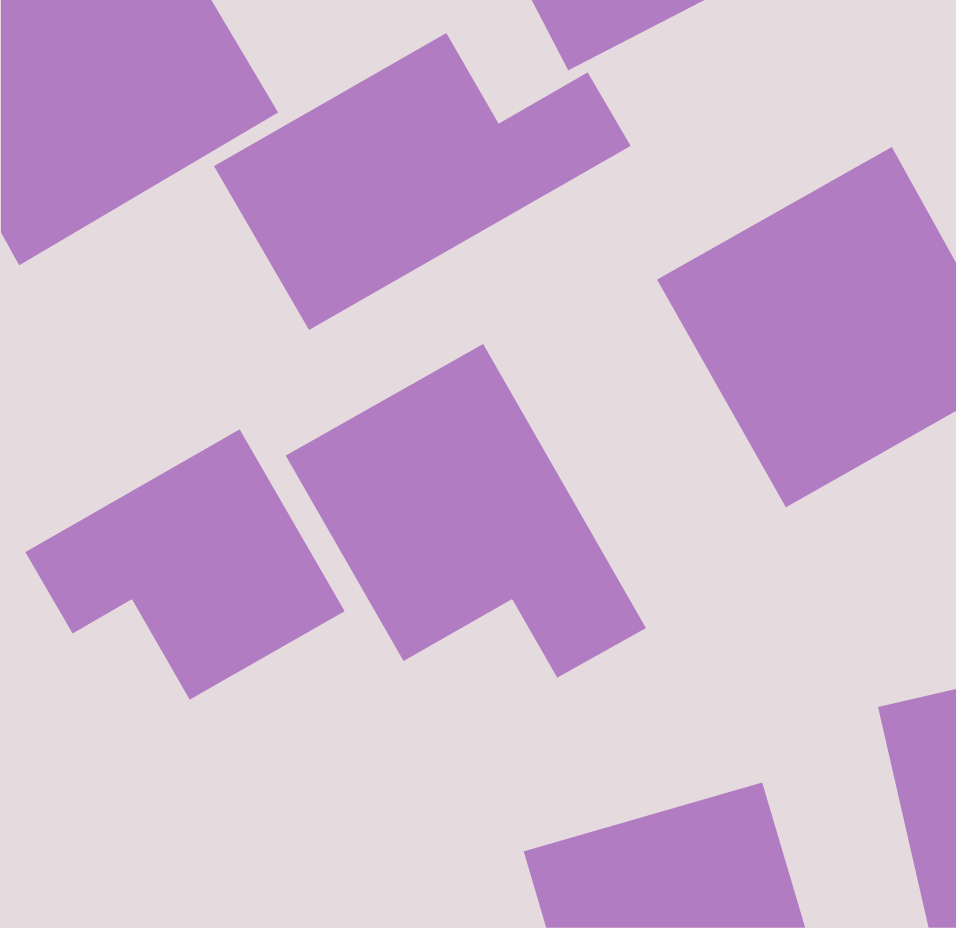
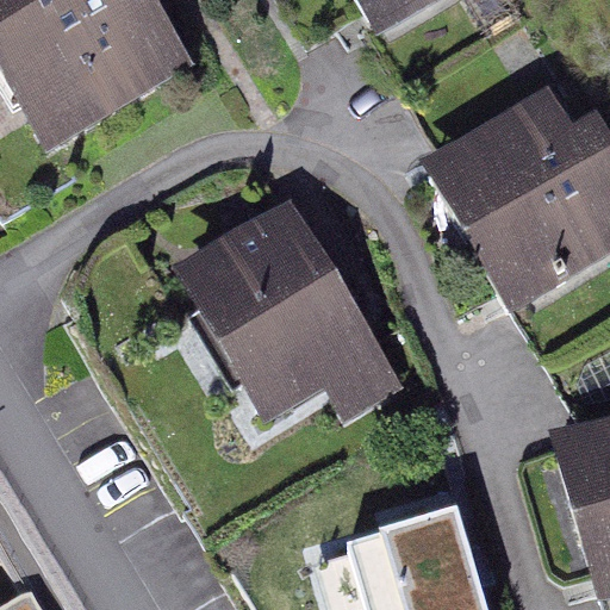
building: [213,32,632,331] -> none
building: [24,428,345,701] -> none

